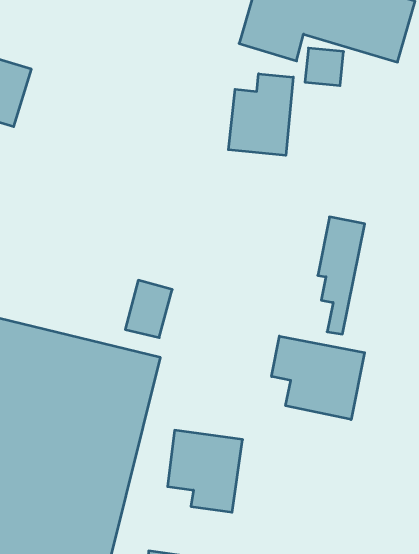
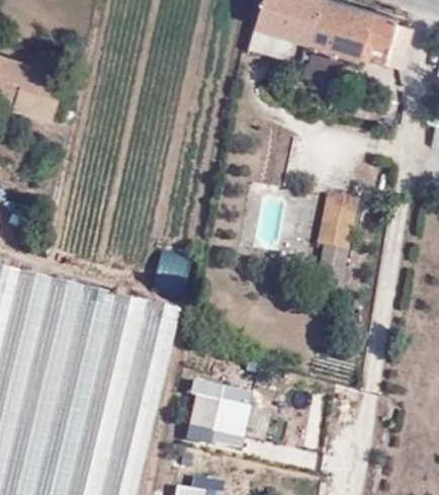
building: [228,74,293,155] -> none
building: [272,336,365,420] -> none

